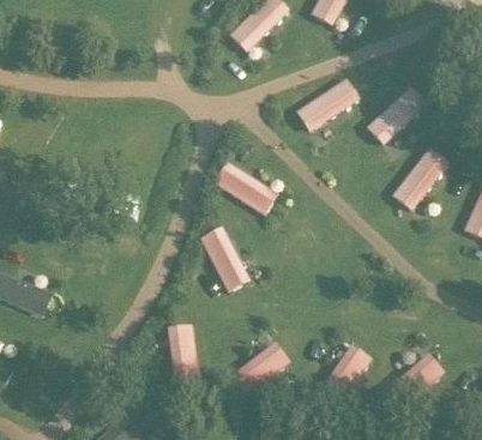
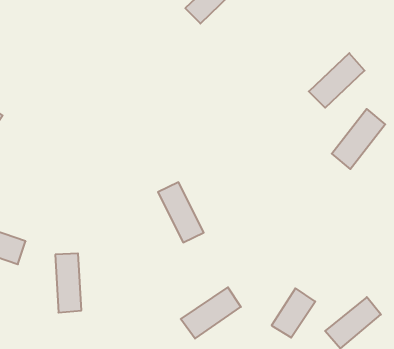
building: [295,80,360,129] -> none
building: [212,165,278,211] -> none
building: [168,325,197,390] -> [55,253,81,313]

